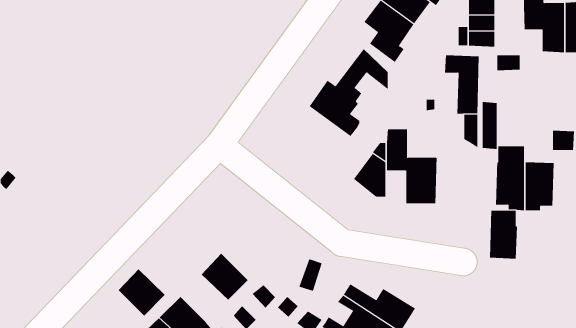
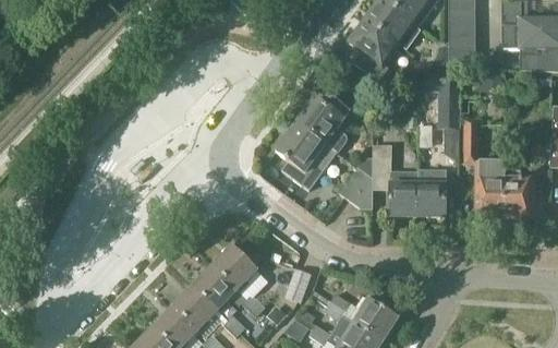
building: none -> [276,122,337,190]
building: [489,210,518,259] -> [418,170,446,217]
building: none -> [213,243,258,289]
building: [118,269,166,316] -> [173,284,219,329]

